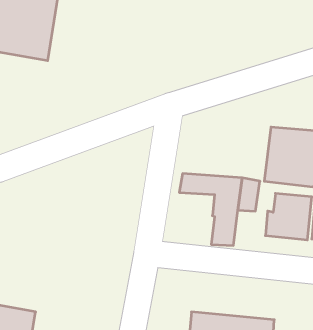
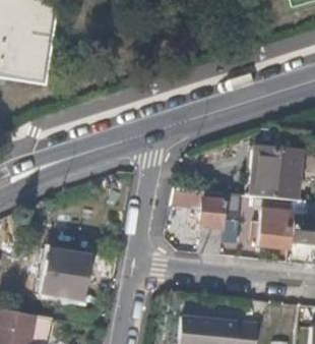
building: none -> [41,249,87,298]

